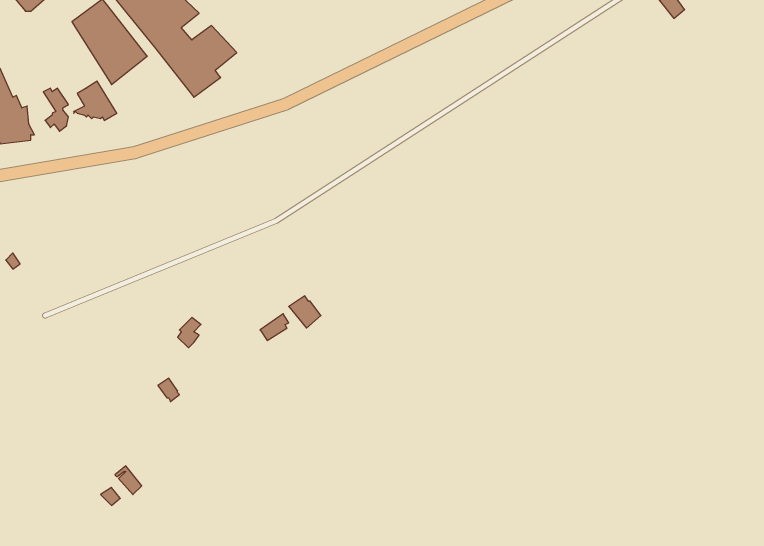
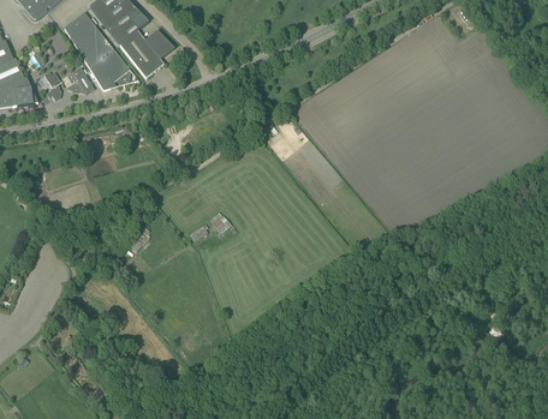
building: none -> [89,49,130,89]

